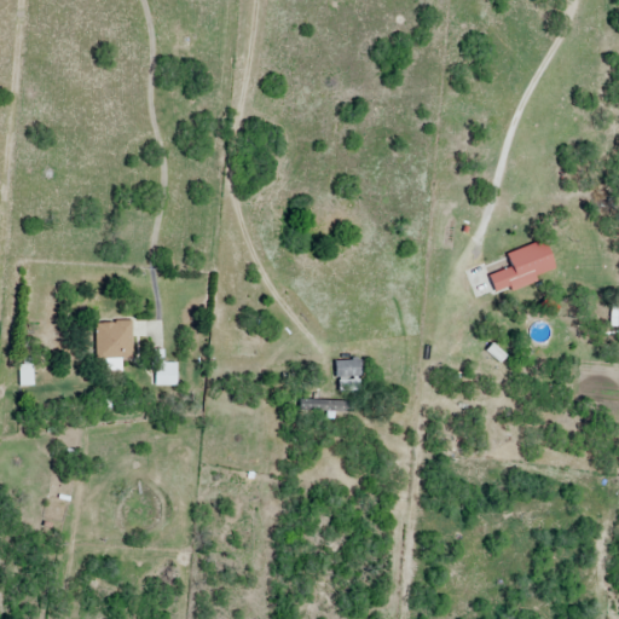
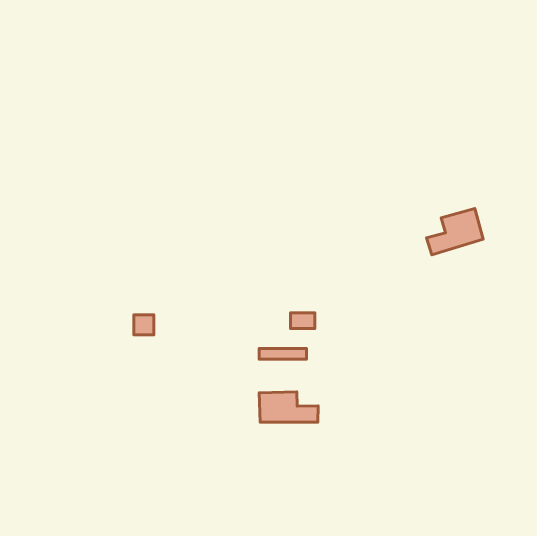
building: [97,322,134,359] -> none
building: none -> [259,392,318,422]

